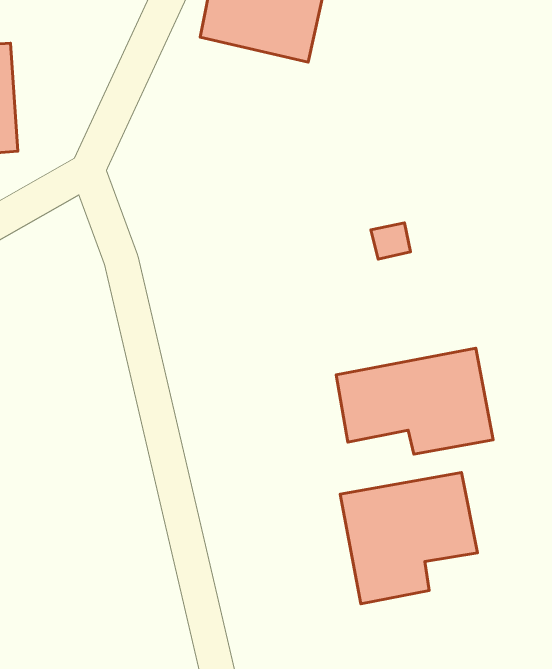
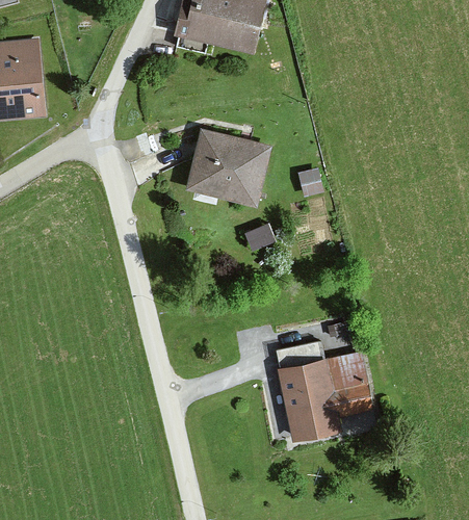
building: none -> [183,128,266,201]
building: [336,348,493,454] -> none

